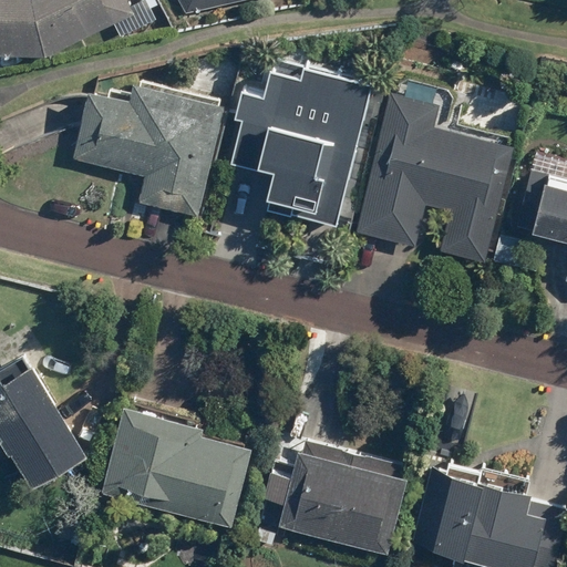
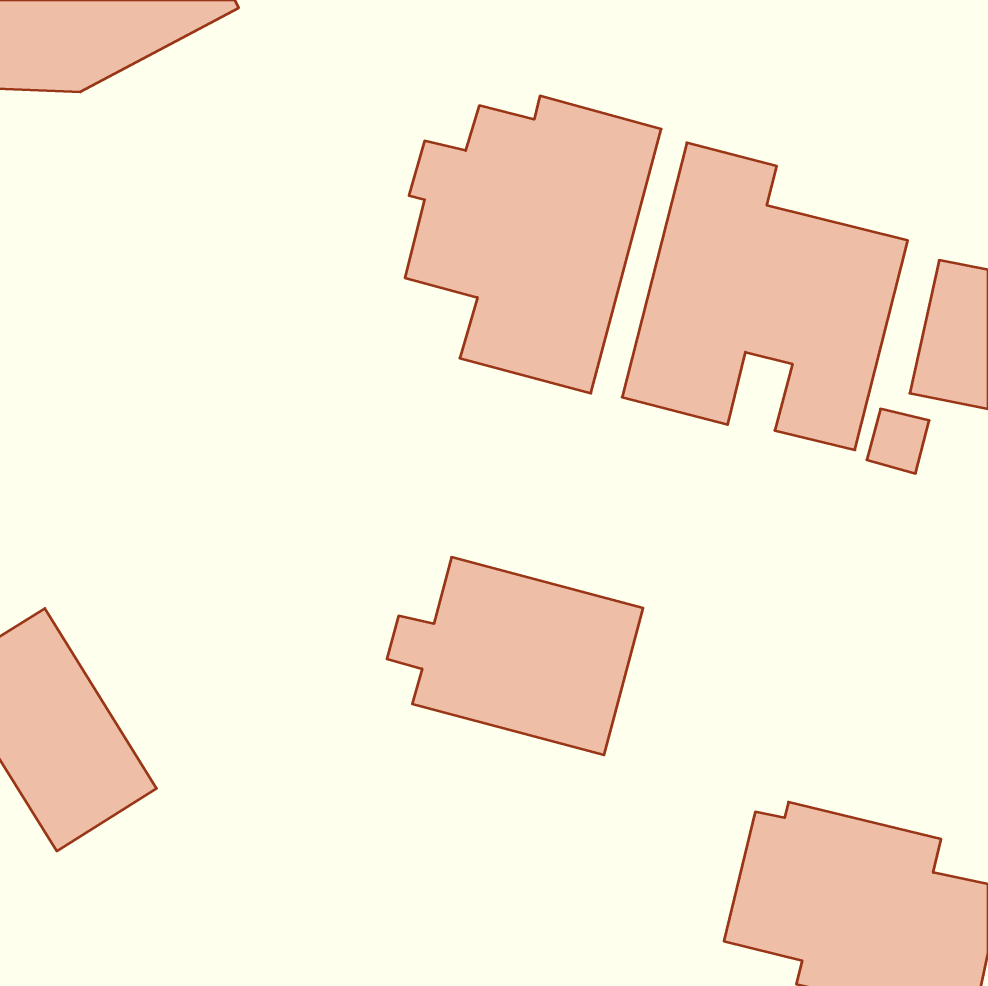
building: [71,82,225,219] -> none
building: [102,406,254,526] -> none
building: [264,441,409,553] -> [387,557,643,755]

